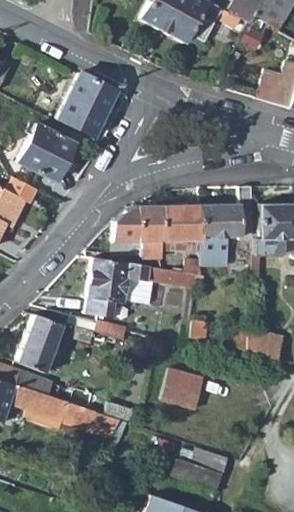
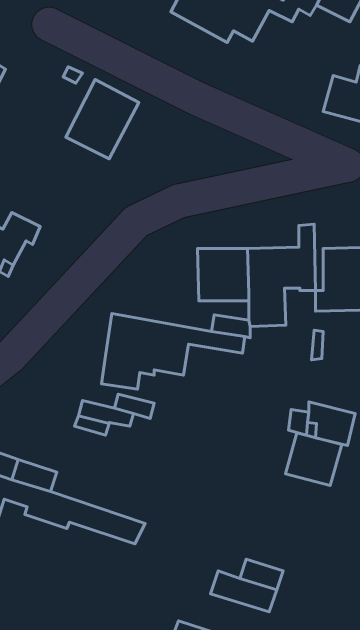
building: [19,123,74,180] -> none
building: [115,205,162,256] -> none
building: [17,314,64,372] -> none
building: [161,367,205,408] -> [285,433,342,485]

